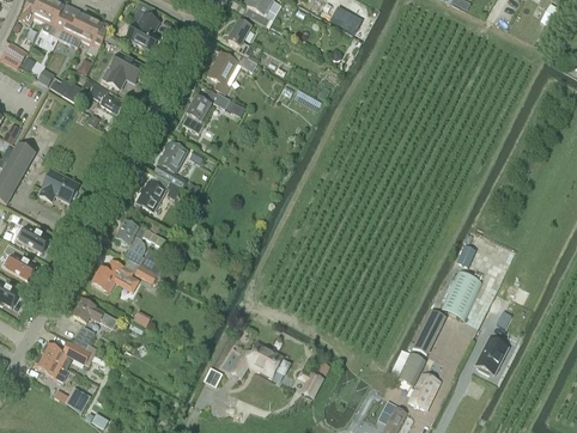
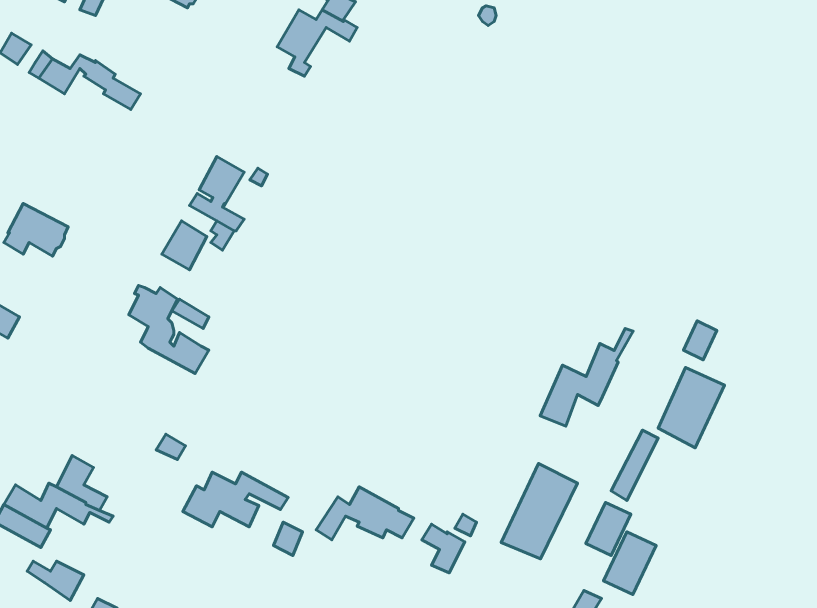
building: [101,53,144,87] -> none
building: [183,89,225,133] -> none
building: none -> [540,328,633,426]
building: [92,258,157,292] -> [183,472,288,527]
building: [73,299,117,328] -> none
building: none -> [501,464,578,559]
building: [475,337,508,374] -> none

